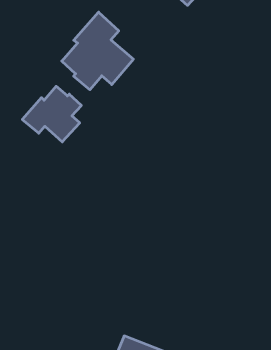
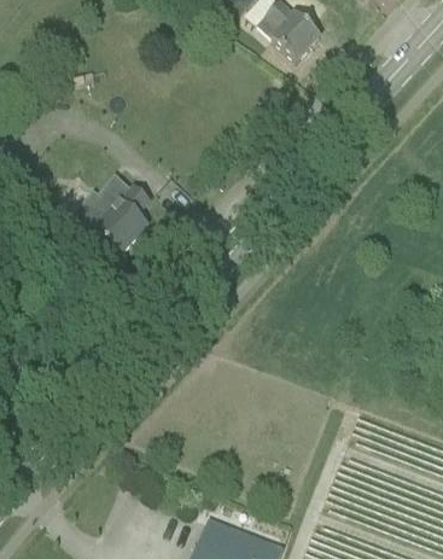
building: [62,12,133,90] -> none

